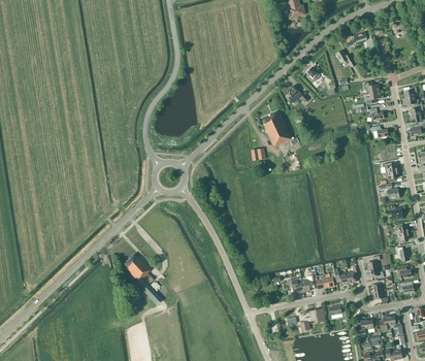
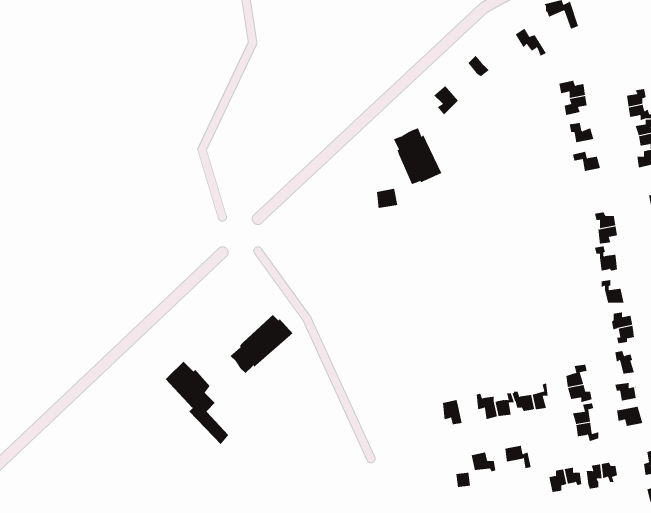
building: none -> [229,314,293,374]

